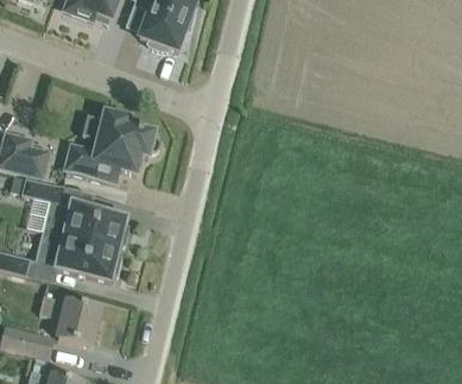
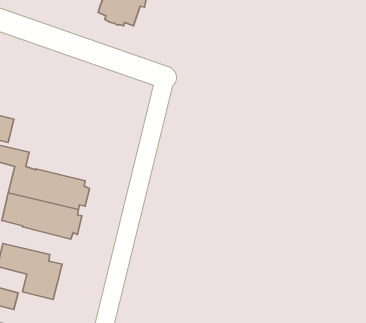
building: [65,113,159,187] -> none

